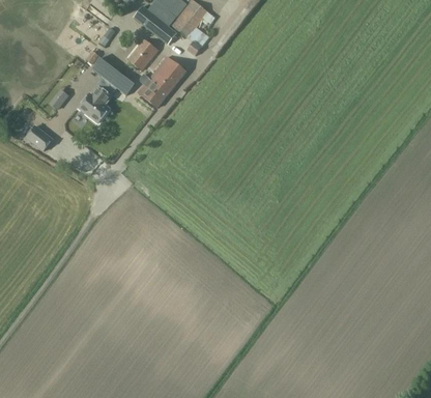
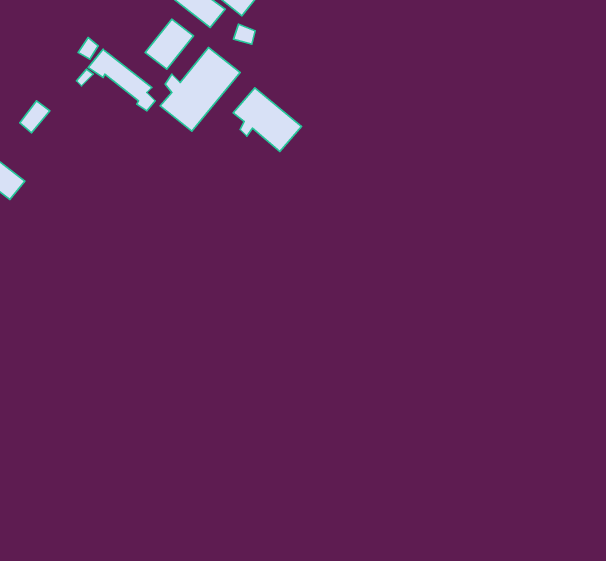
building: none -> [233,88,302,152]
building: [88,92,115,120] -> none

